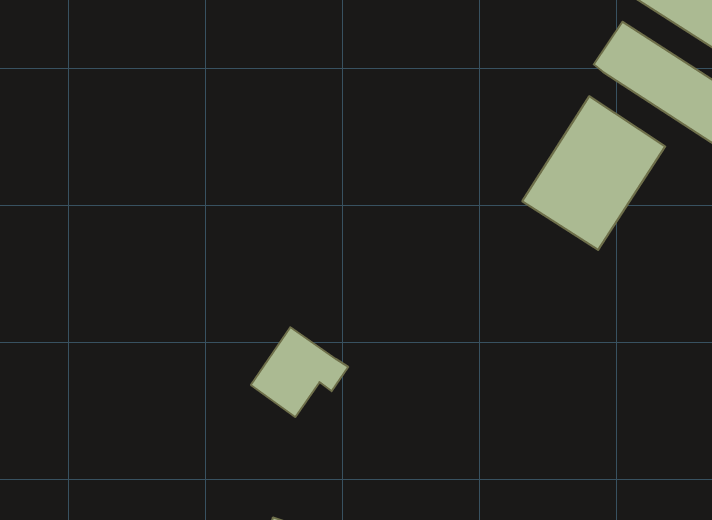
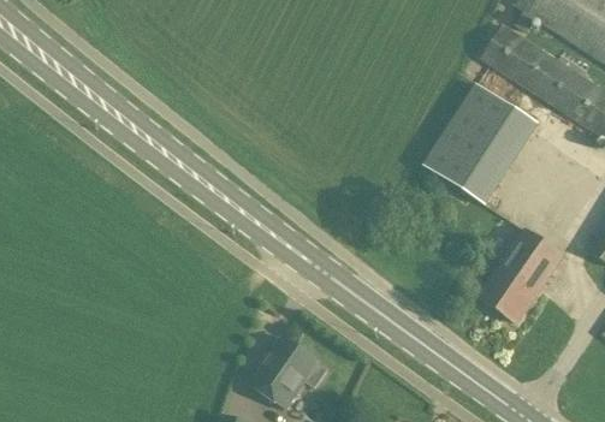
building: none -> [479,231,562,323]
building: [251,327,348,417] -> [250,337,327,408]

